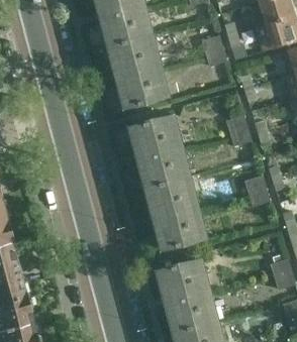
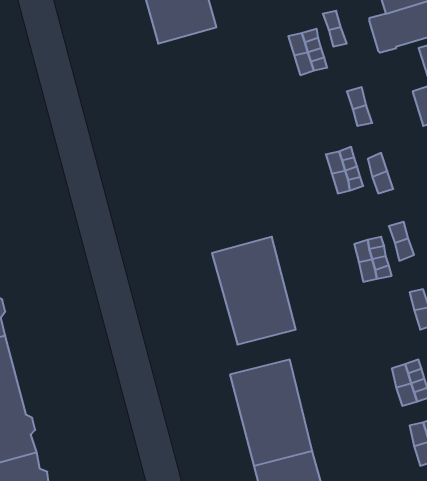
building: [112,35,168,108] -> none
building: [132,115,189,188] -> none

